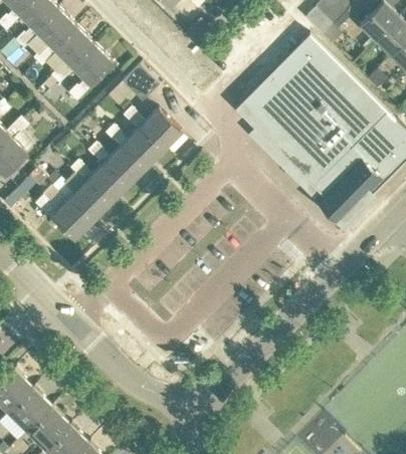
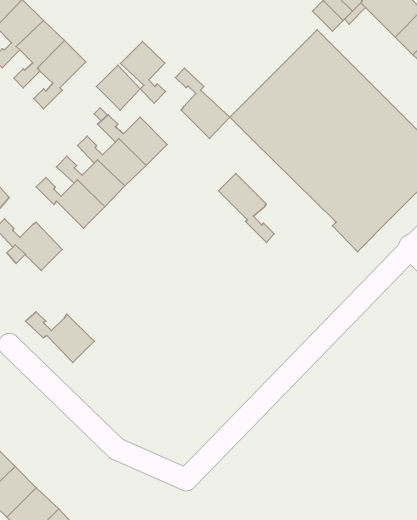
building: none -> [120,41,165,103]
building: none -> [176,68,230,139]
building: none -> [219,173,274,243]
building: [52,179,111,222] -> [26,312,94,363]

